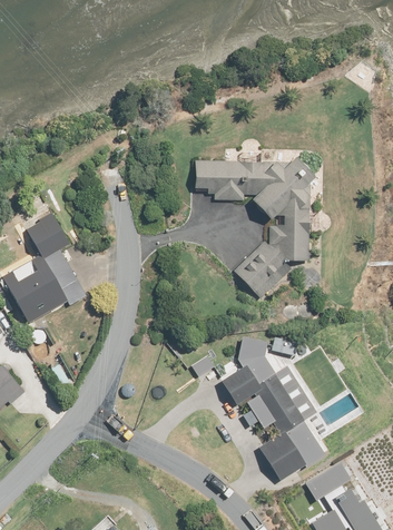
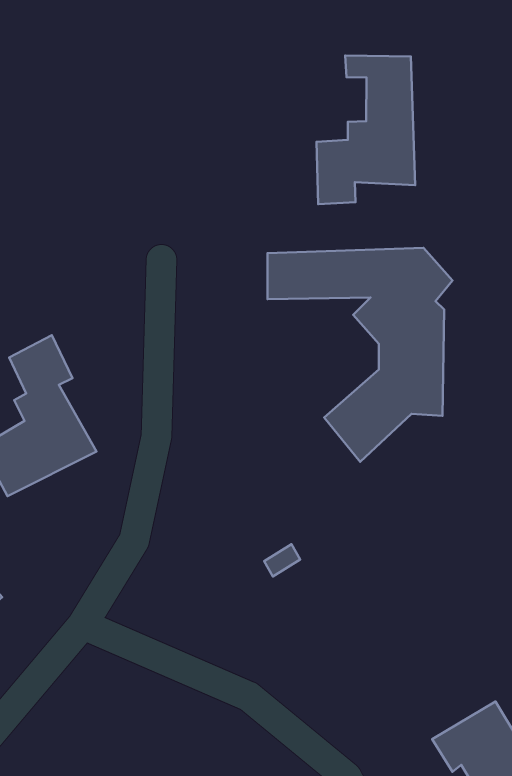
building: none -> [317,56,415,204]
building: [223,336,326,478] -> none

